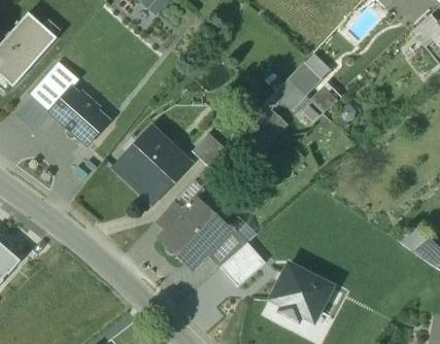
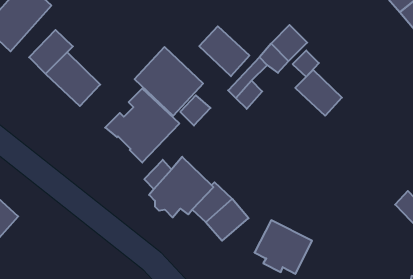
building: none -> [199,26,249,76]
building: none -> [135,47,203,116]
building: none -> [295,70,342,116]

